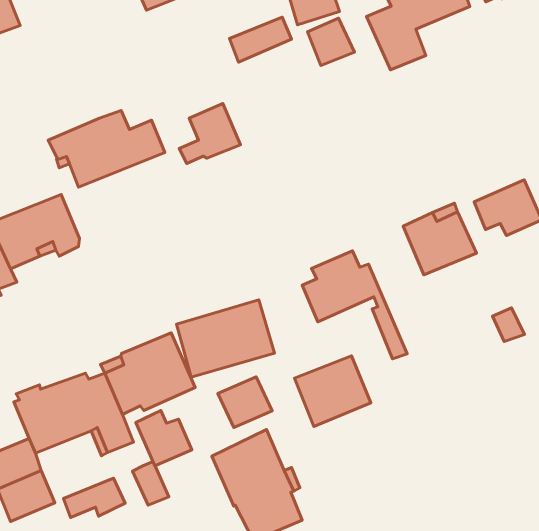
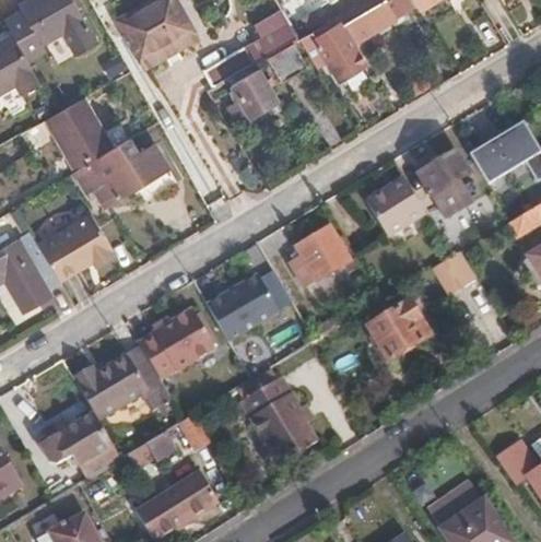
building: none -> [43,98,114,173]
building: [179,104,241,163] -> [231,69,279,120]
building: [294,356,371,426] -> [367,301,431,361]
building: [136,411,192,466] -> none

